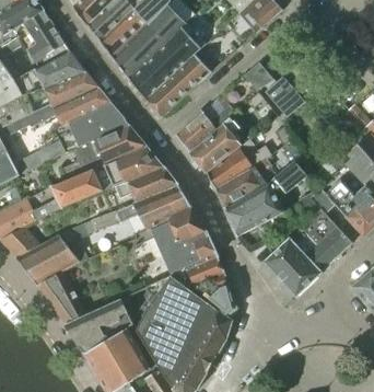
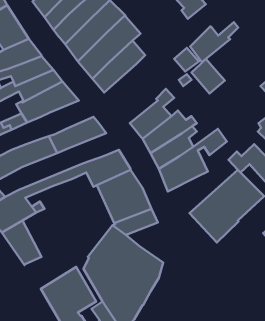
building: [176,105,234,153] -> [190,22,238,62]
building: [61,126,147,178] -> none
building: [115,165,177,201] -> none
building: [186,273,236,321] -> none
building: [63,299,131,353] -> none

